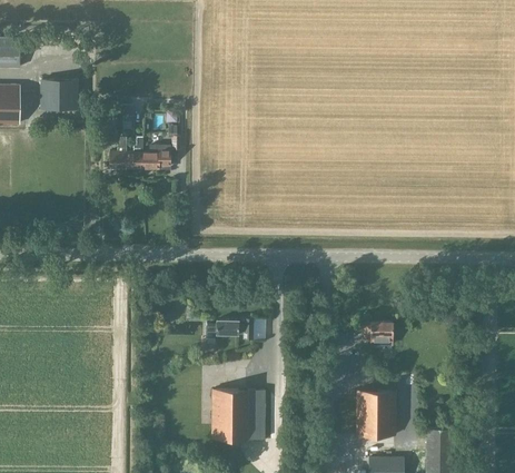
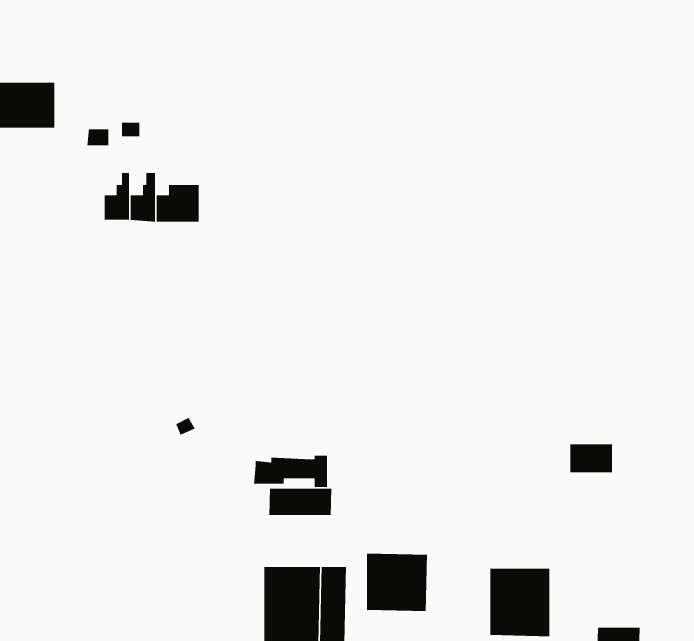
building: [364,322,392,341] -> [569,444,613,473]
building: none -> [269,488,332,516]
building: none -> [366,553,428,612]

